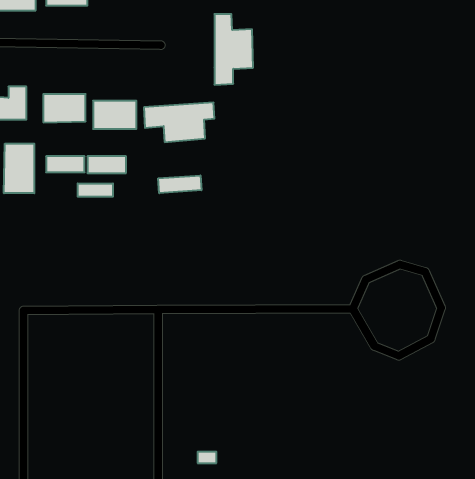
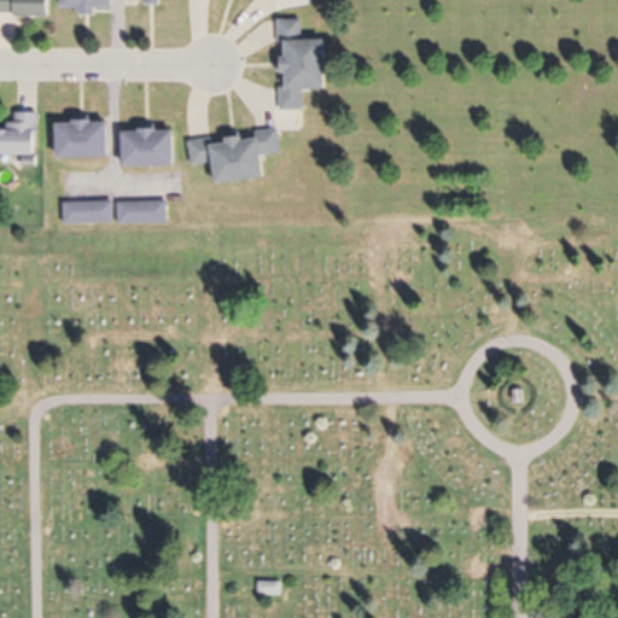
building: [4,144,34,193] -> none
building: [158,175,201,193] -> none
building: [78,183,113,197] -> none

